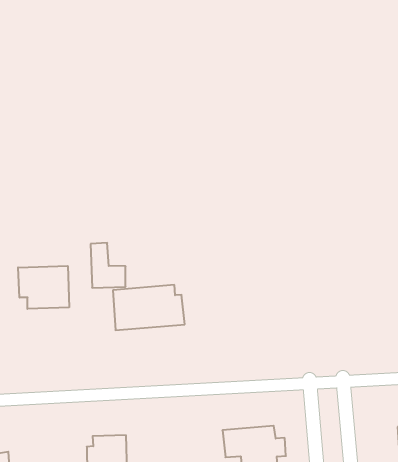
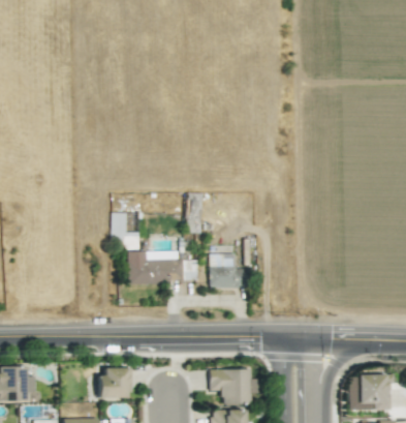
building: [18,266,69,309] -> none
building: none -> [210,253,248,289]

